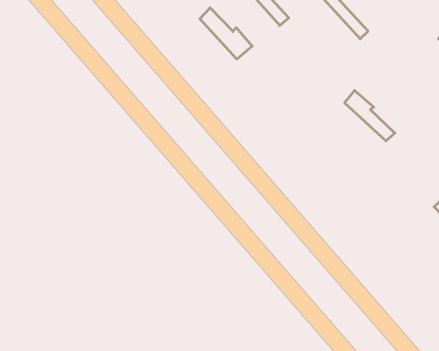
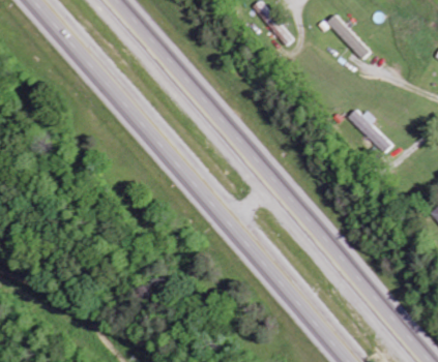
building: [200,8,252,59] -> none

